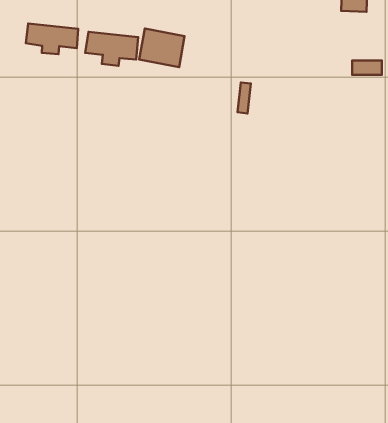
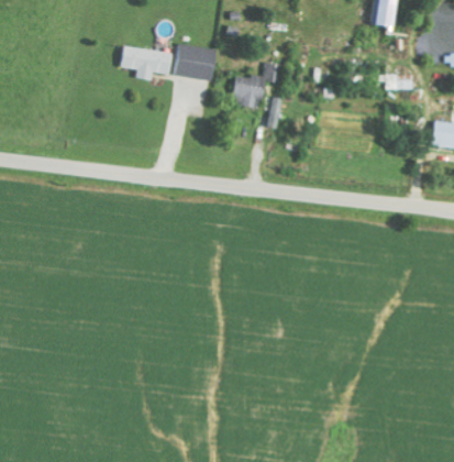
building: [26,23,78,54] -> none
building: none -> [231,63,283,109]

